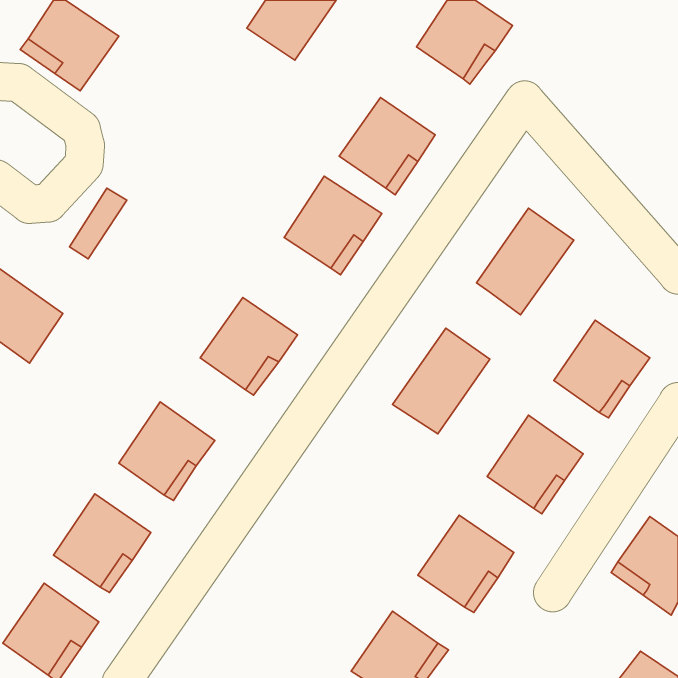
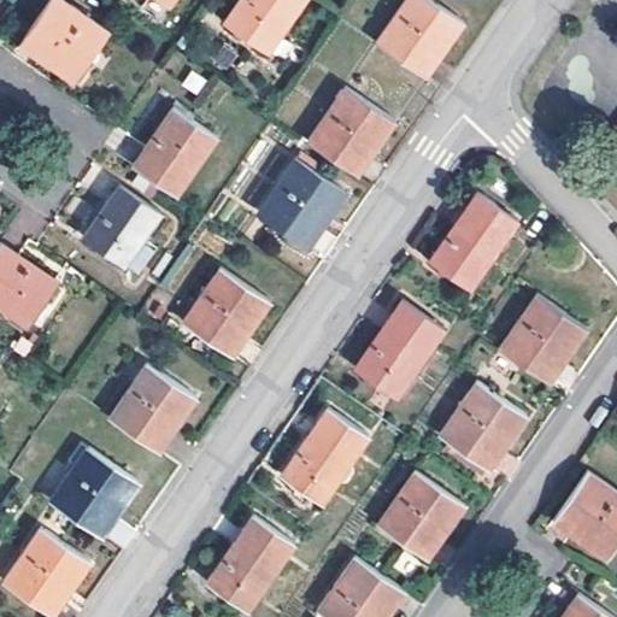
building: none -> [131,111,216,200]
building: none -> [82,189,158,270]
building: none -> [280,407,368,504]
building: none -> [206,515,293,610]

